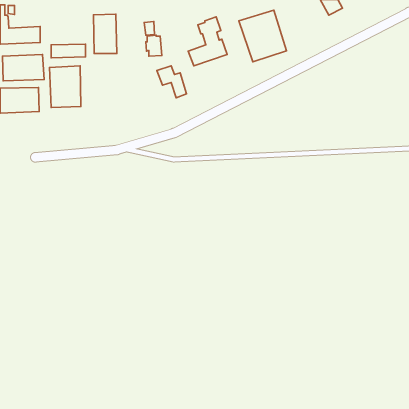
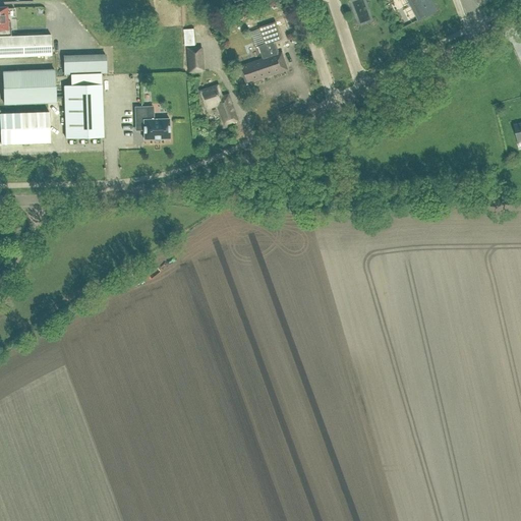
building: [239,10,287,62] -> none
building: [93,14,117,54] -> none
building: none -> [134,105,170,138]

